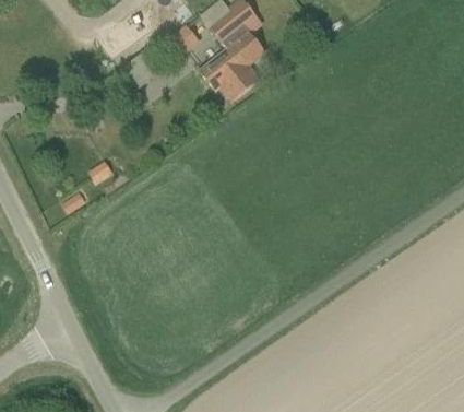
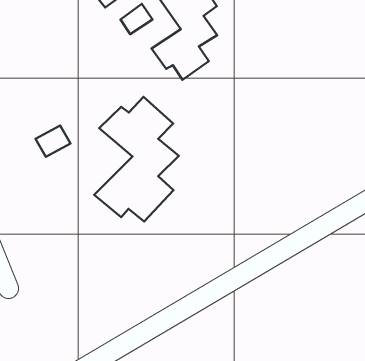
building: none -> [94,97,179,221]

